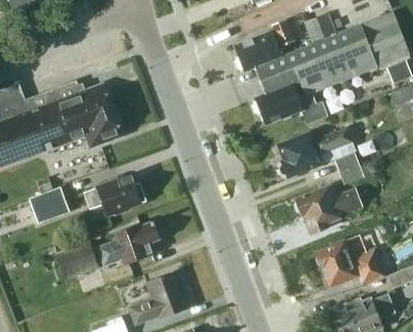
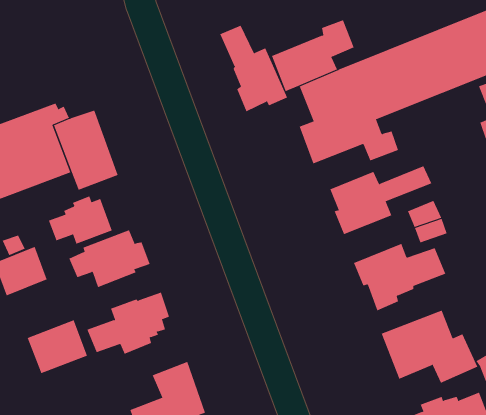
building: [304,13,336,44] -> none
building: none -> [219,25,288,112]
building: none -> [48,196,113,244]

